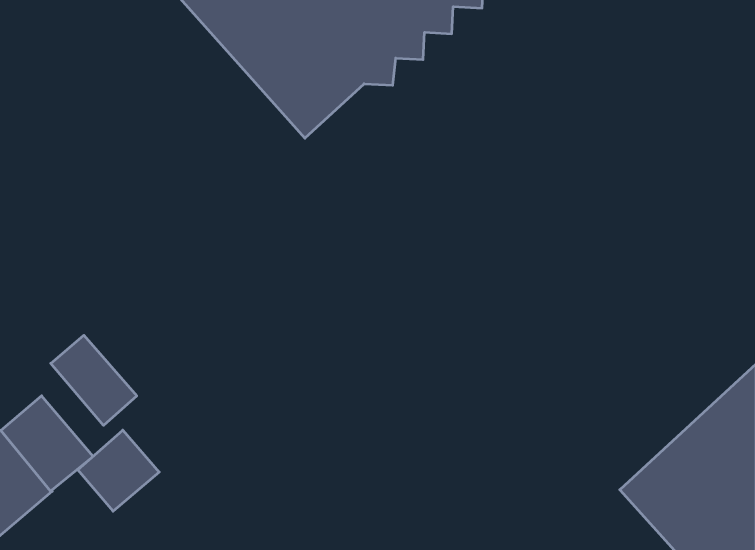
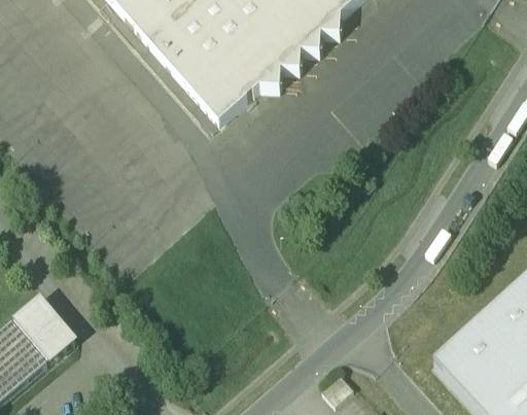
building: [51,335,137,425] -> none
building: [78,430,159,511] -> none

